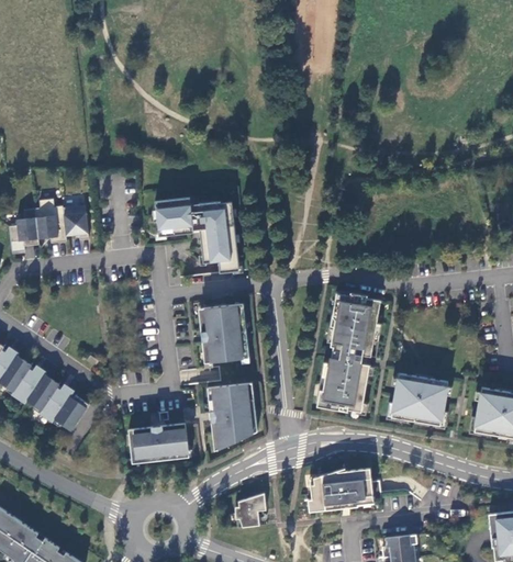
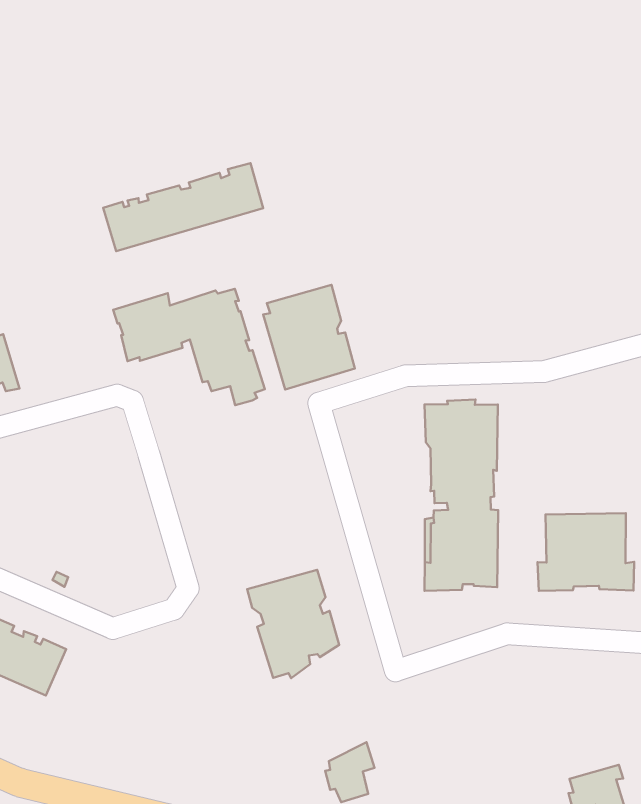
building: none -> [103,163,263,251]
building: [199,304,249,363] -> [263,285,355,389]
building: [129,424,189,462] -> none
building: [309,469,375,513] -> none

